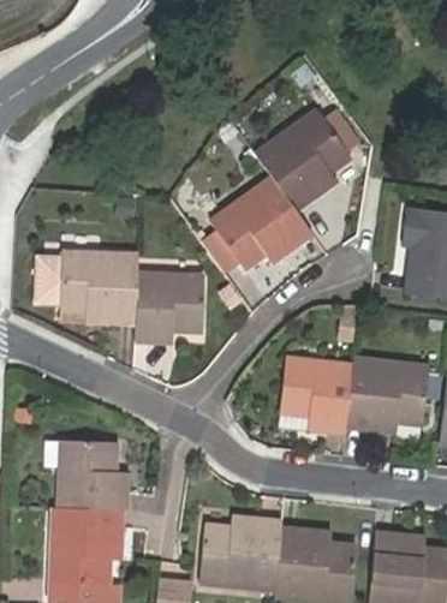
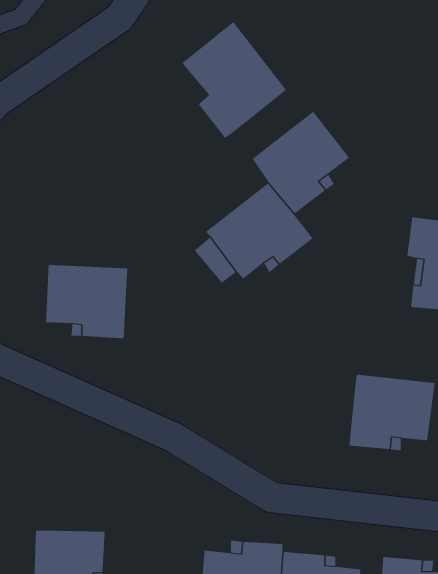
building: none -> [182,21,287,139]
building: [35,257,61,304] -> none
building: [133,273,203,344] -> none
building: [276,358,354,432] -> none
building: [55,440,121,509] -> none

